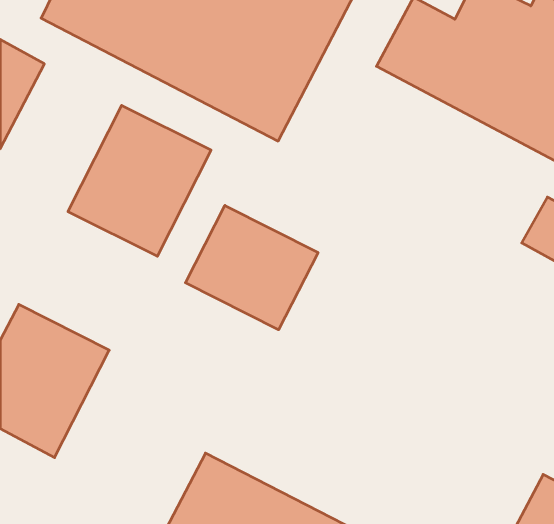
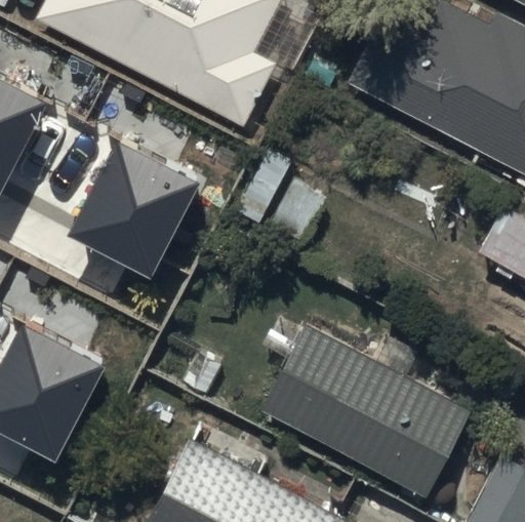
building: [185,205,318,330] -> none
building: none -> [260,321,470,492]

